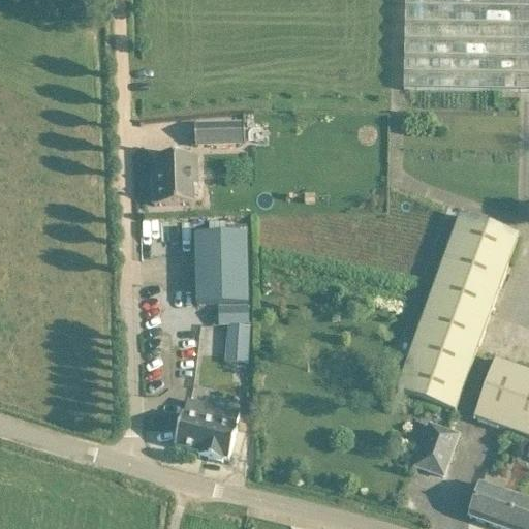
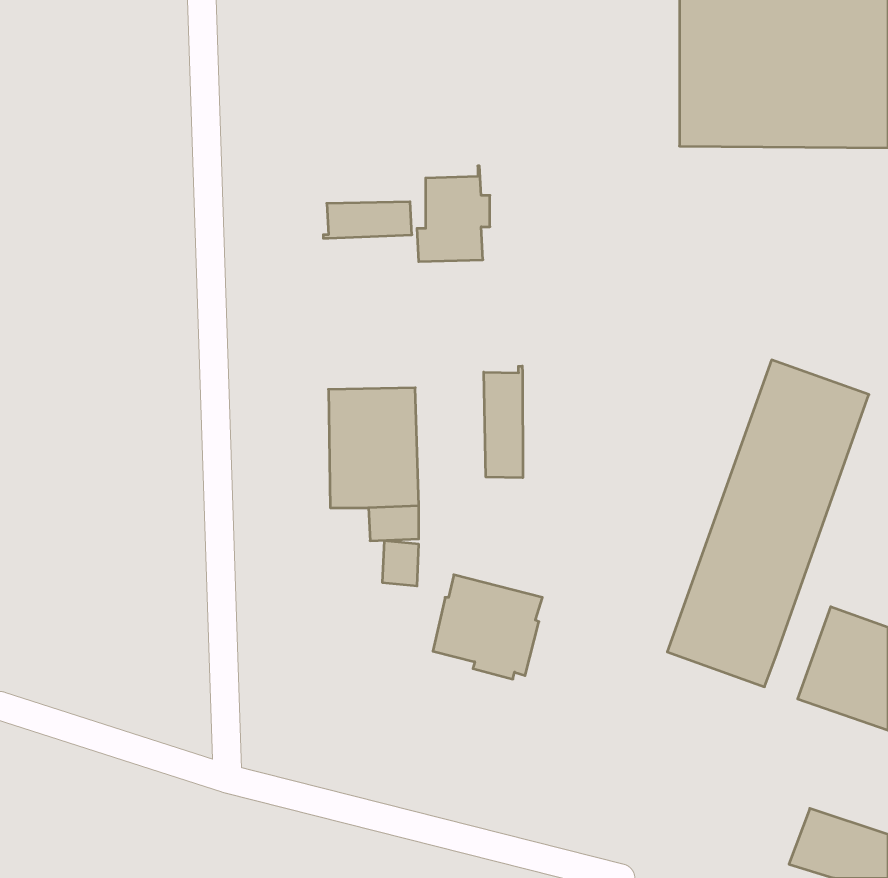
building: [153,145,196,201] -> [417,166,490,262]
building: none -> [484,366,523,478]
building: [175,397,240,459] -> [433,575,542,679]
building: [414,421,459,473] -> none

